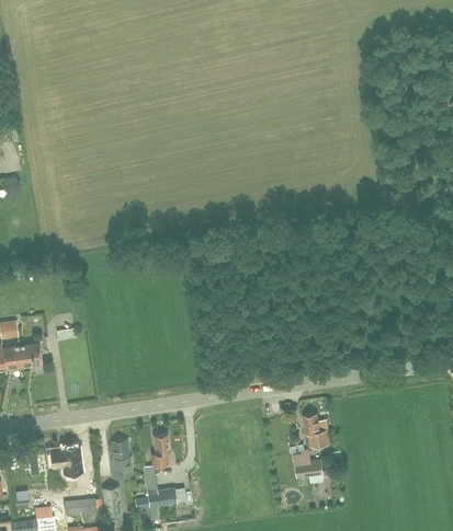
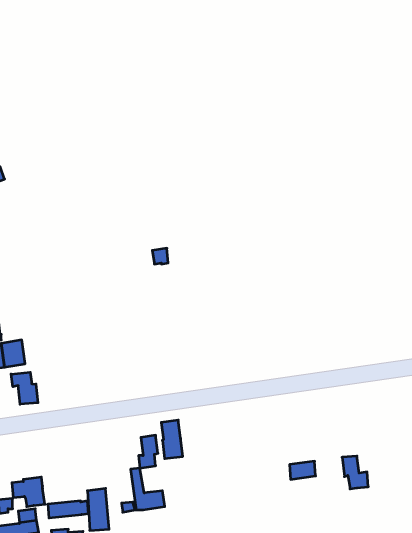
building: none -> [11,372,38,404]
building: [303,414,328,446] -> [342,456,368,489]
building: [111,439,132,476] -> [161,420,183,459]
building: [50,445,82,473] -> [12,477,45,507]

